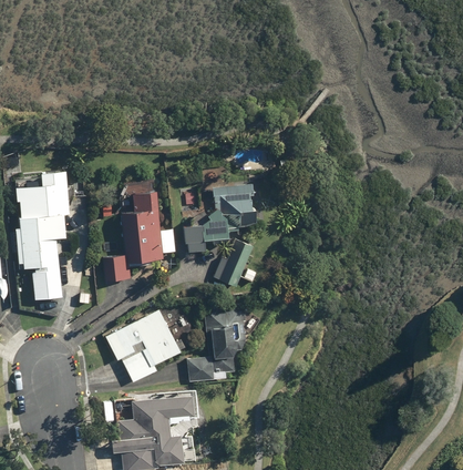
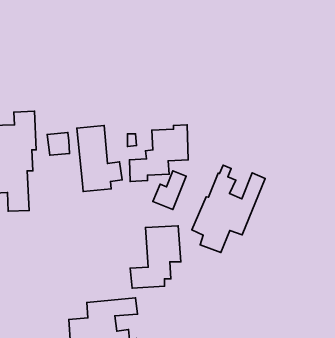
building: none -> [192,165,265,252]
building: [101,255,128,283] -> [47,133,70,155]
building: [106,309,179,386] -> none

